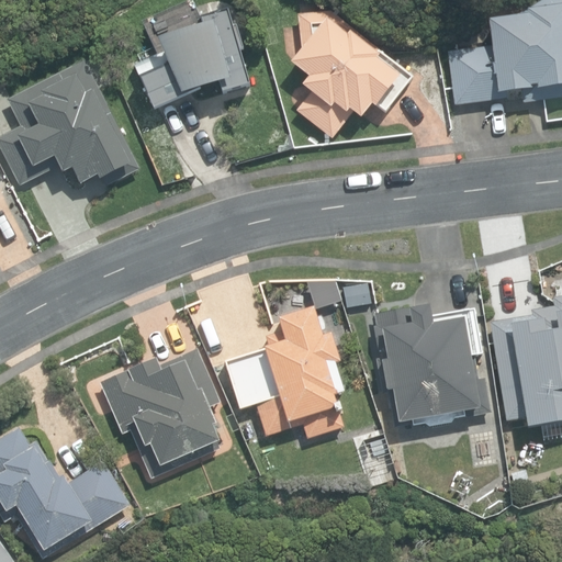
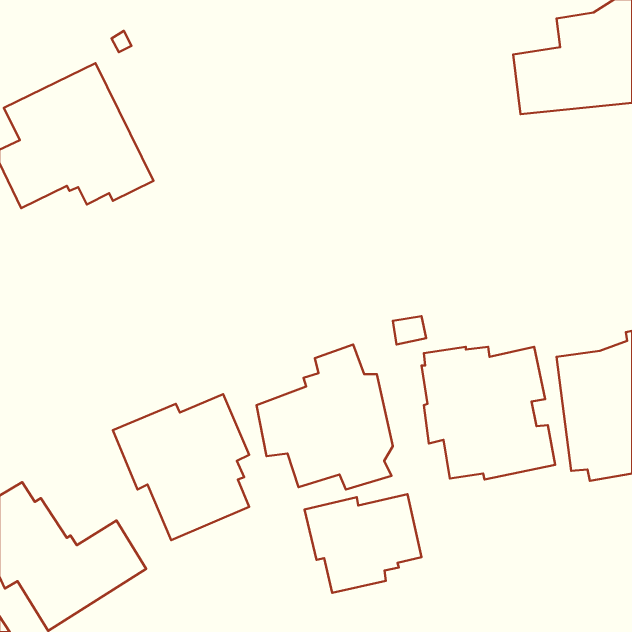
building: [135,7,250,110] -> none
building: [290,11,412,138] -> none
building: none -> [304,494,422,593]

